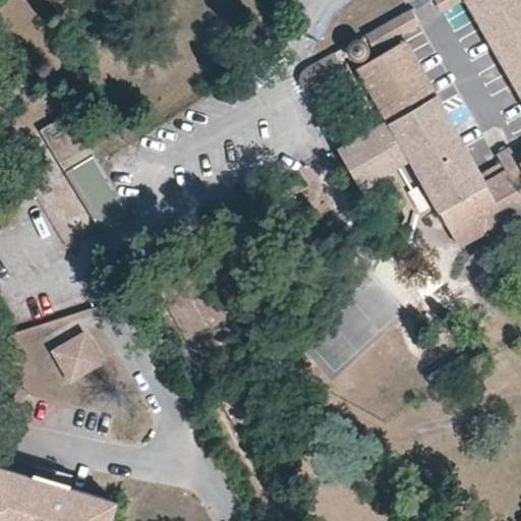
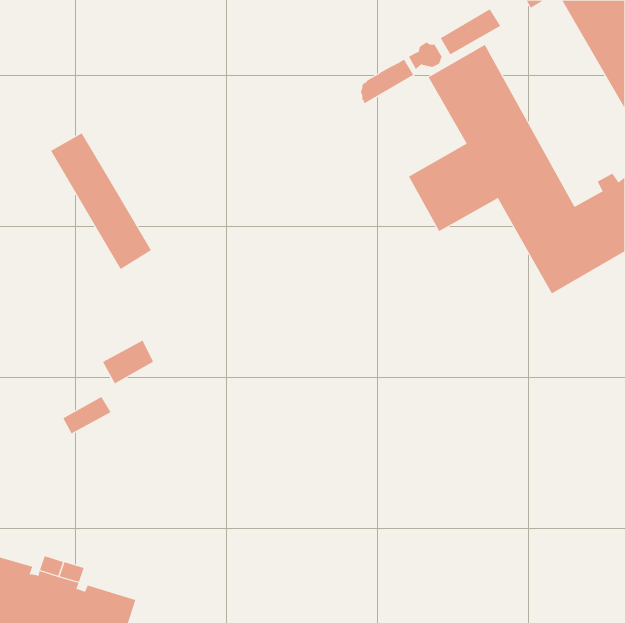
building: [59,345,102,382] -> [102,340,154,384]

